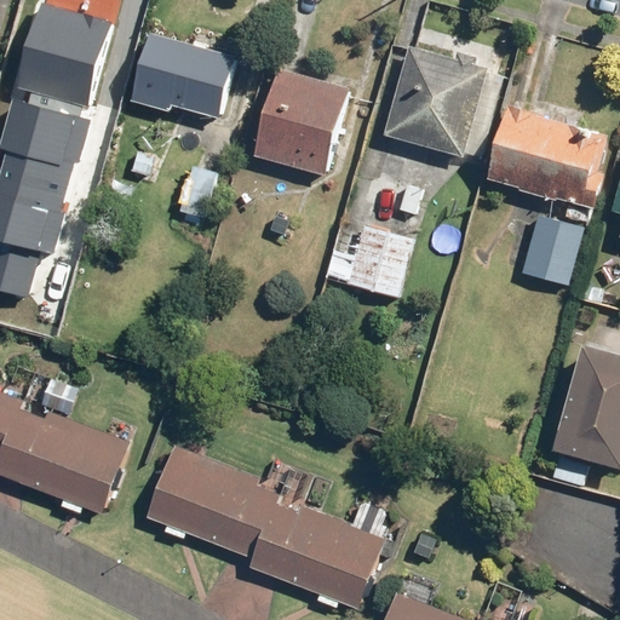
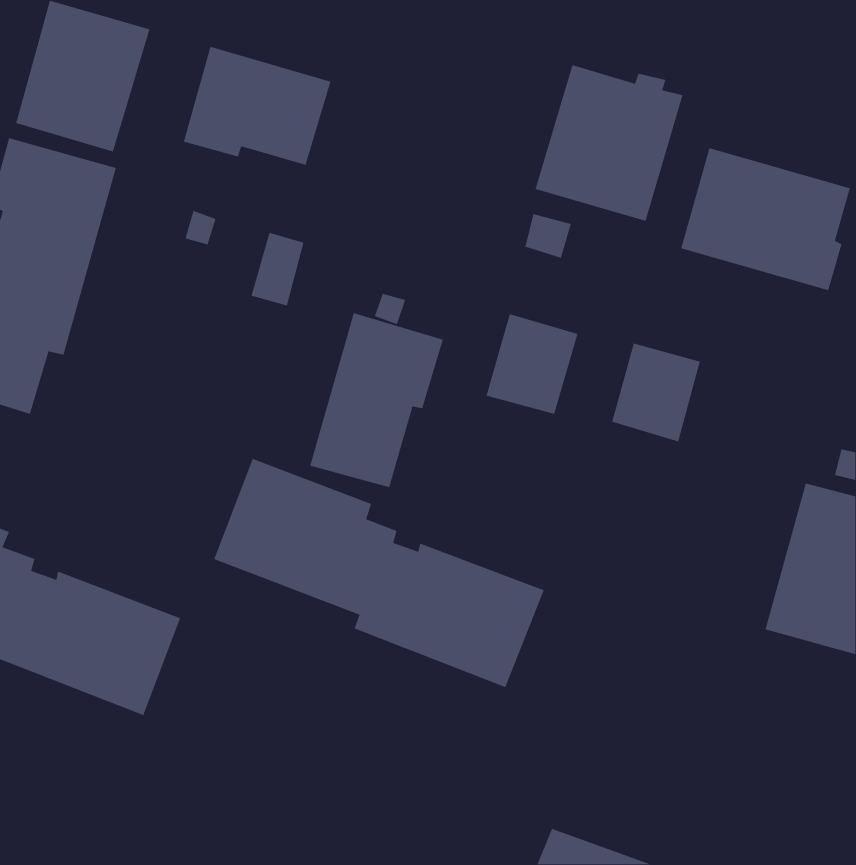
building: [253,69,349,176] -> none
building: [521,214,585,286] -> [611,342,701,442]
building: none -> [309,312,444,488]
building: [149,443,386,608] -> [213,458,545,688]

